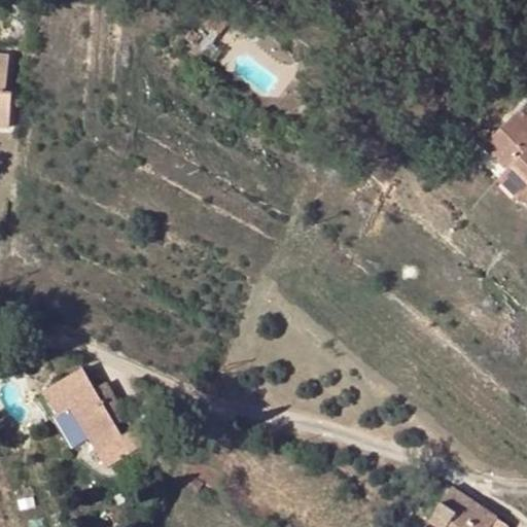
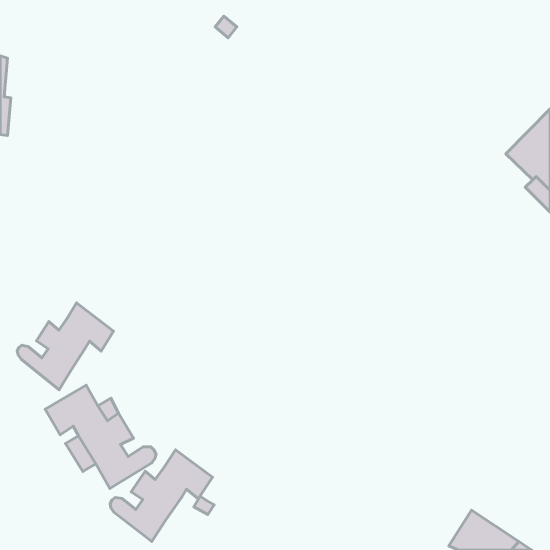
building: none -> [17,303,113,390]
building: none -> [110,450,213,541]

